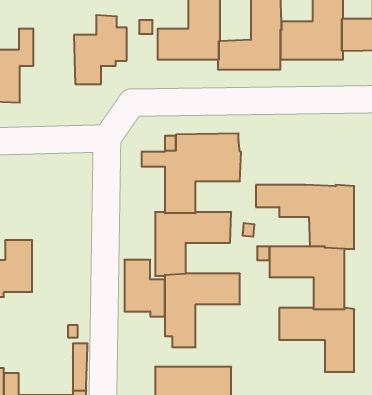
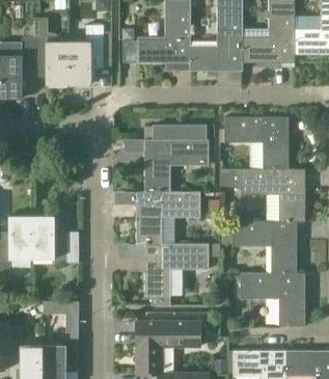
building: none -> [33,36,68,83]
building: none -> [225,116,289,169]
building: [124,260,165,316] -> [32,215,66,263]

